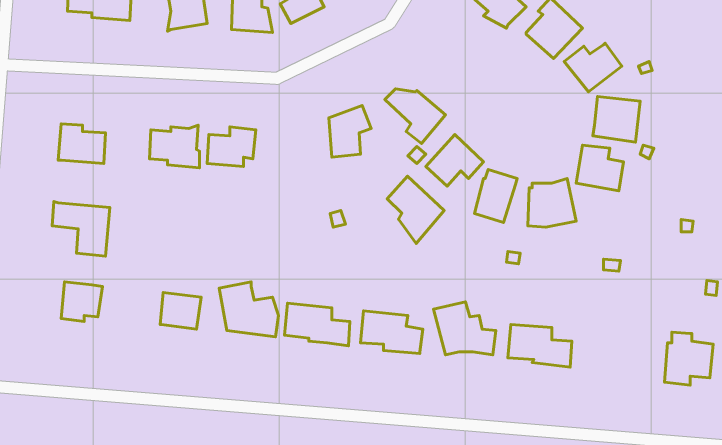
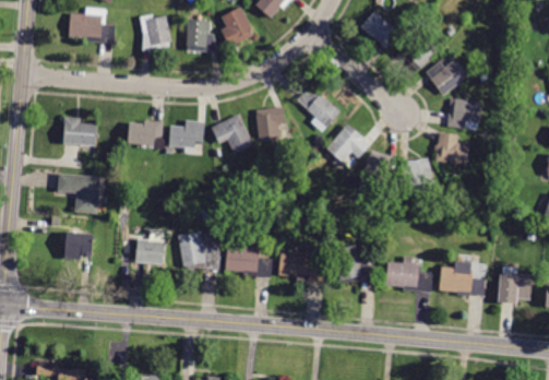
building: none -> [212,114,252,153]
building: [387,176,444,243] -> none
building: none -> [440,261,487,296]

